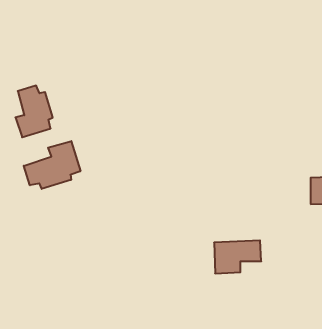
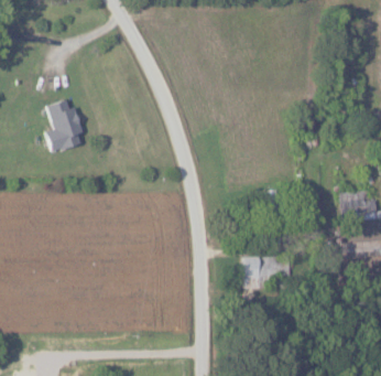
building: [24,141,80,189] -> none

